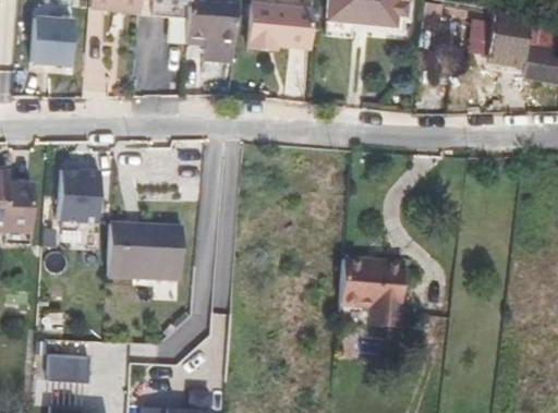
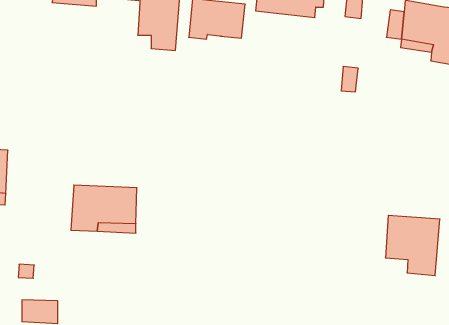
building: [32,17,74,64] -> none
building: [57,169,100,222] -> none
building: [340,255,403,325] -> [385,215,440,276]

